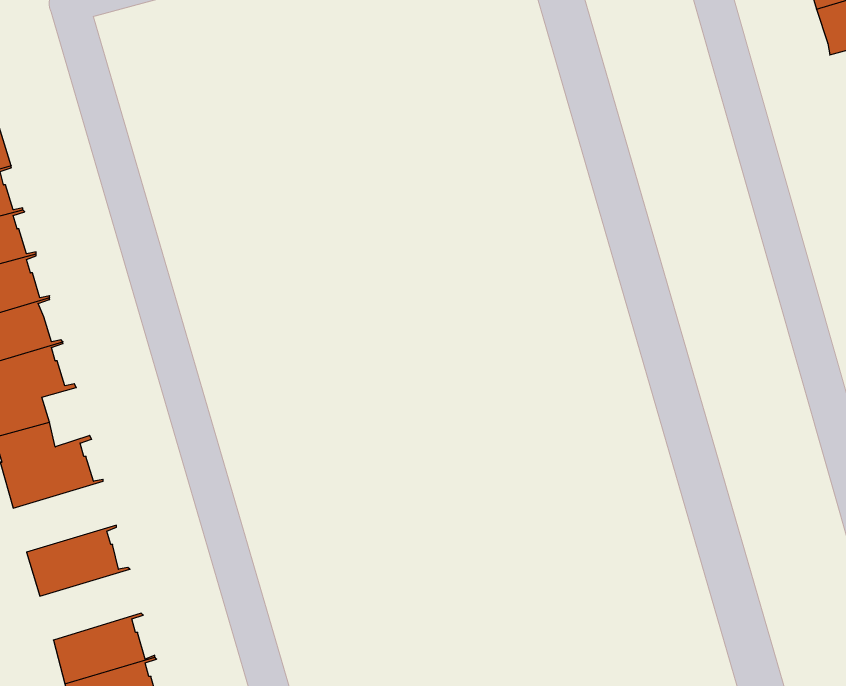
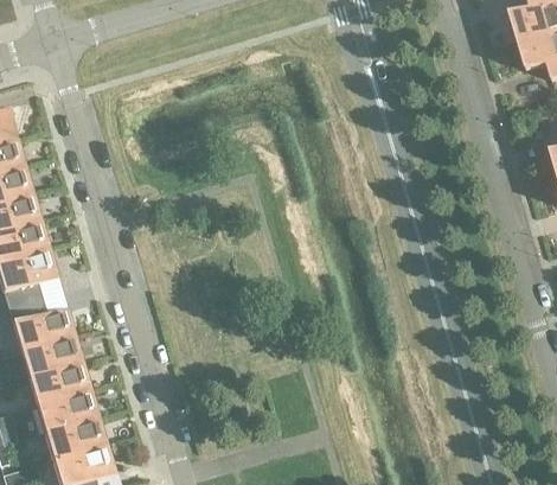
building: none -> [20,334,84,378]
building: none -> [37,389,100,433]

